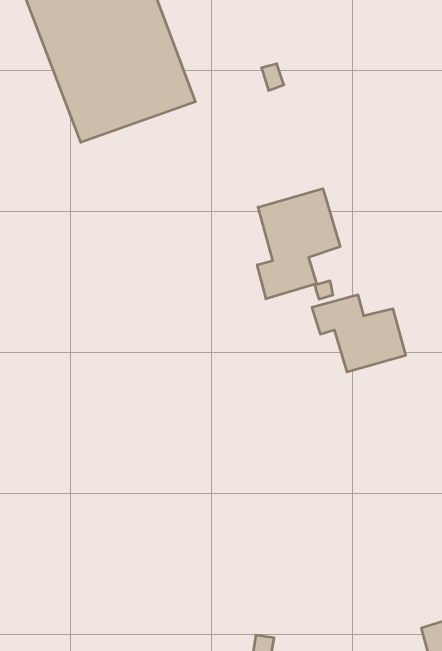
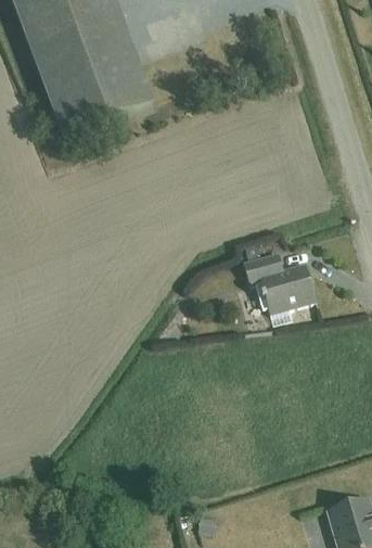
building: [257,189,340,299] -> none

